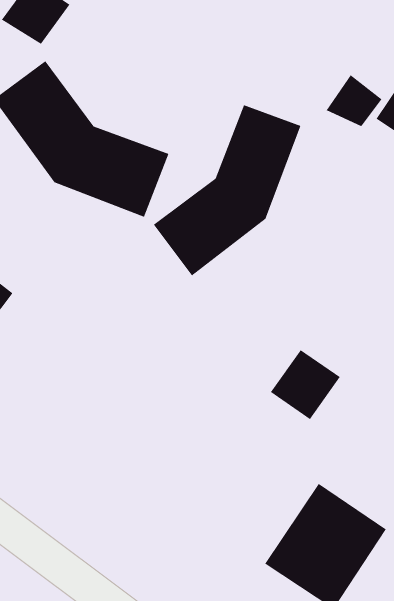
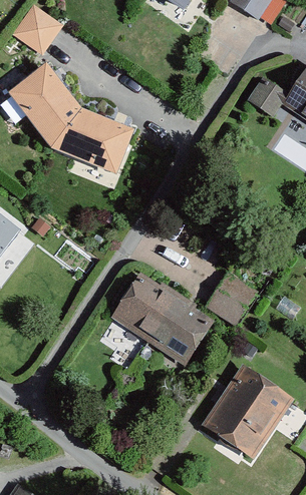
building: [153,104,302,276] -> none
building: none -> [111,275,213,366]

